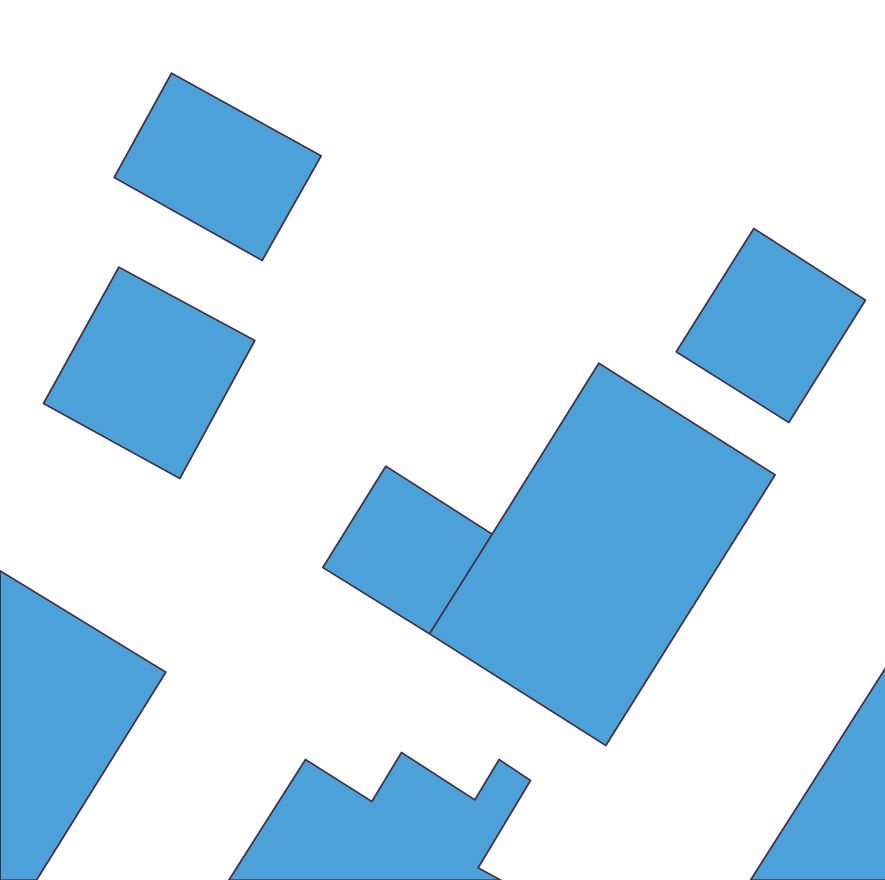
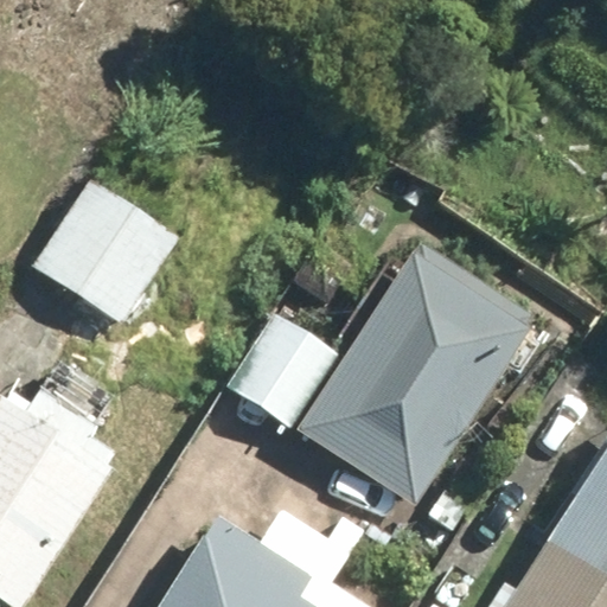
building: [114,73,321,261] -> none
building: [676,229,865,423] -> none

